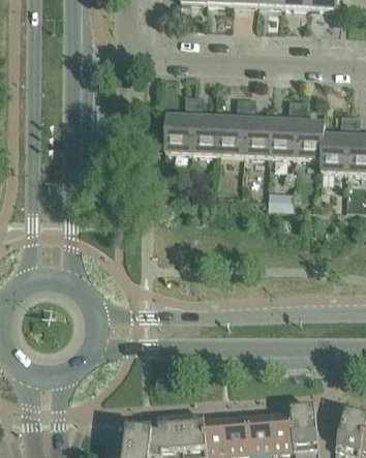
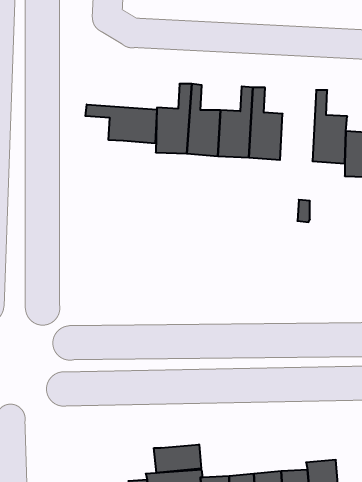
building: [269,99,299,159] -> none
building: none -> [85,104,157,143]
building: none -> [154,444,201,473]

